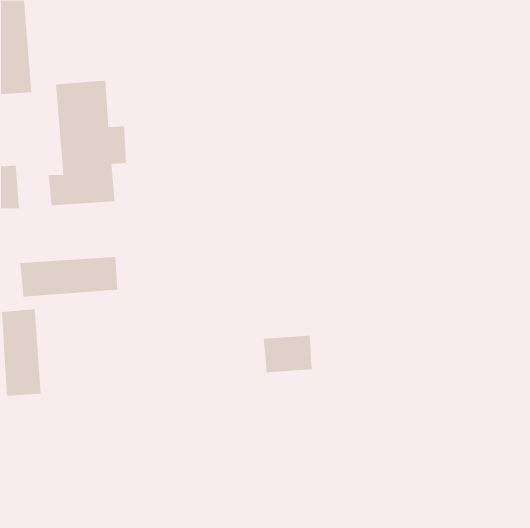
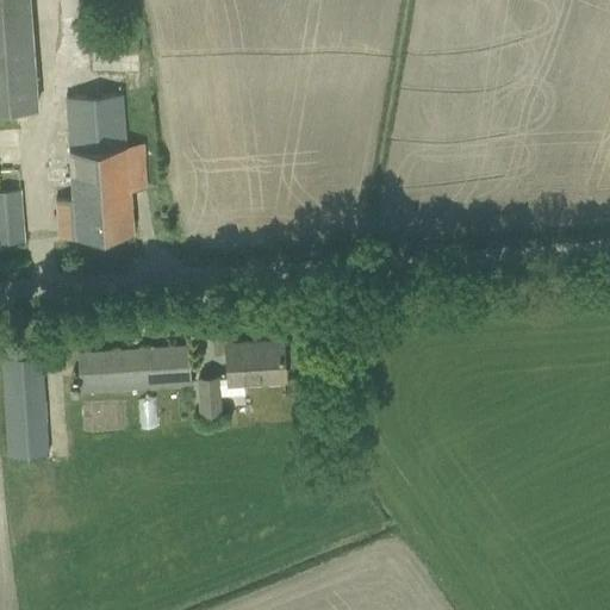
building: [19,257,118,297] -> [77,348,191,394]
building: none -> [198,380,222,415]
building: [263,335,313,373] -> [226,342,284,385]

